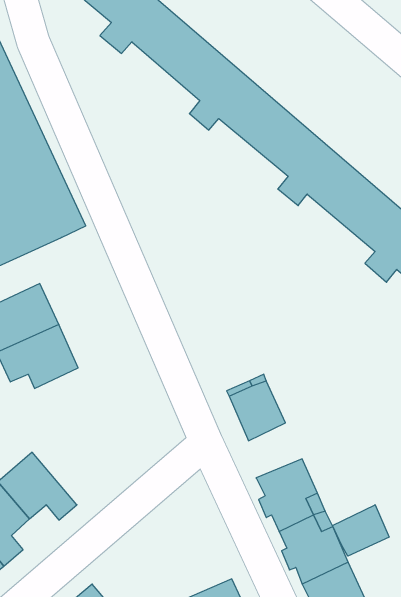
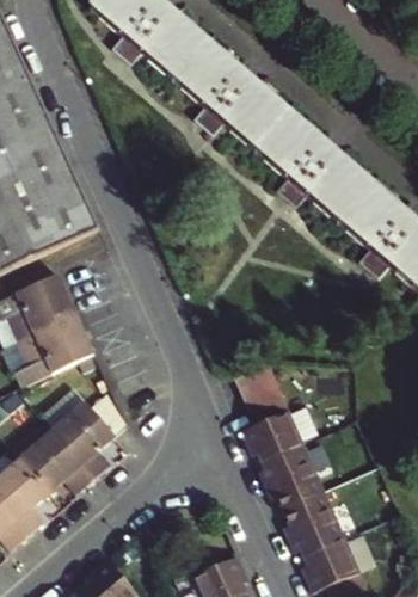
building: none -> [49,401,113,480]
building: none -> [239,404,301,455]
building: [332,505,389,556] -> none

